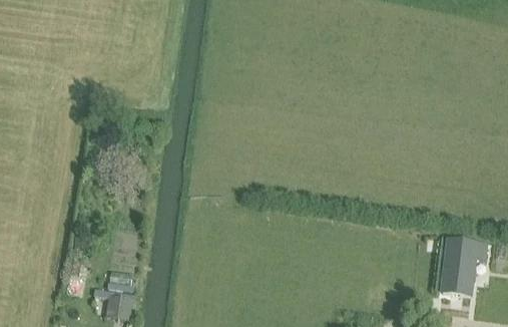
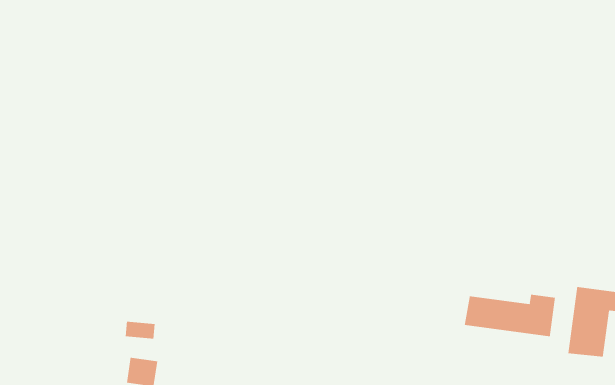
building: none -> [464,294,556,337]

